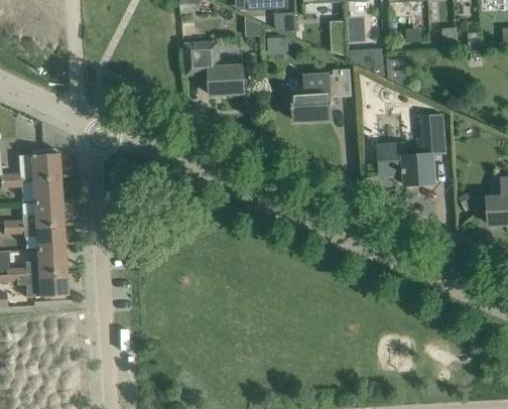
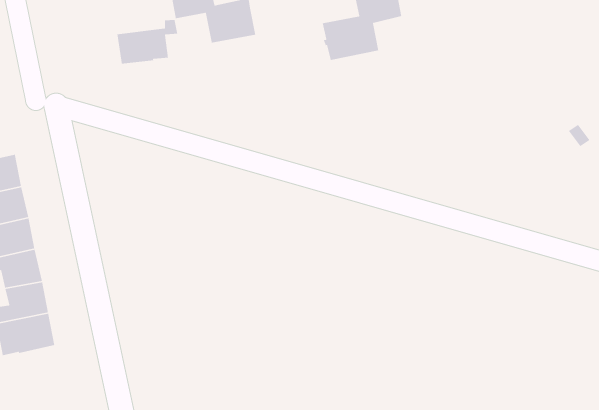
building: none -> [117,19,178,64]
building: [378,114,446,184] -> none

